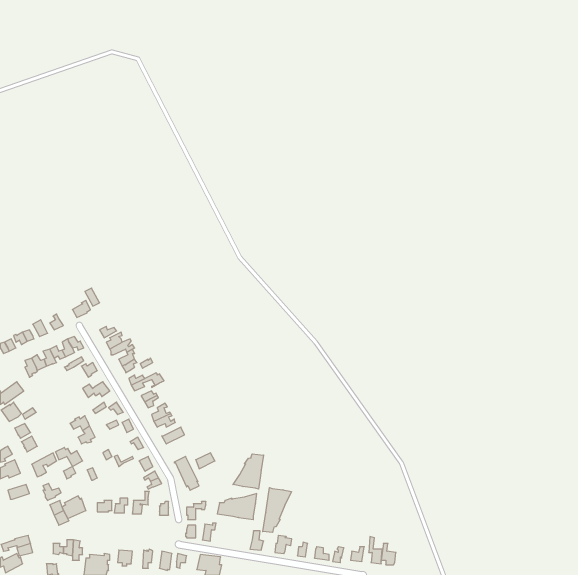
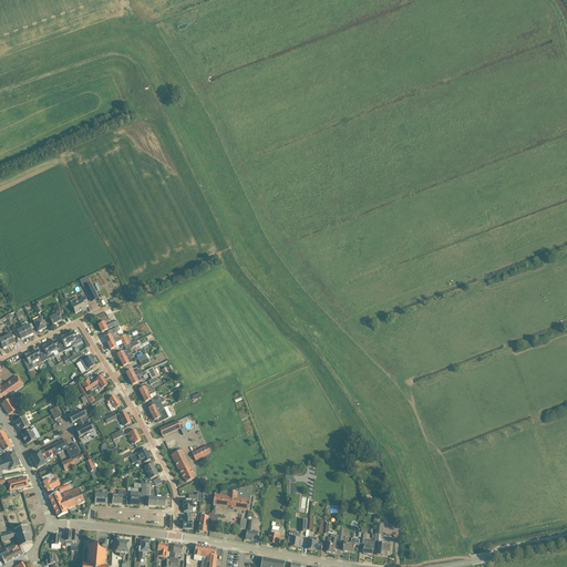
building: [233,454,264,489] -> none
building: [263,488,291,532] -> none

